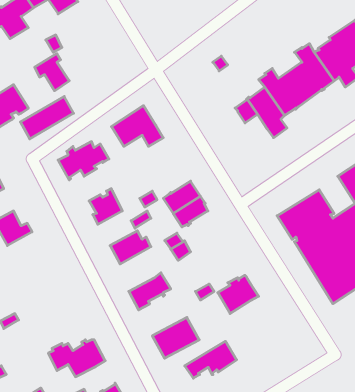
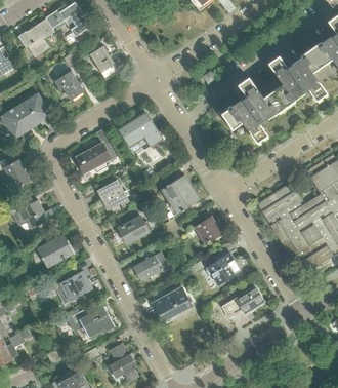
building: none -> [88,45,117,77]
building: [20,96,74,139] -> none
building: none -> [194,216,221,244]
building: none -> [38,234,71,267]
building: none -> [54,270,91,303]
building: [185,341,237,378] -> [220,285,263,316]

